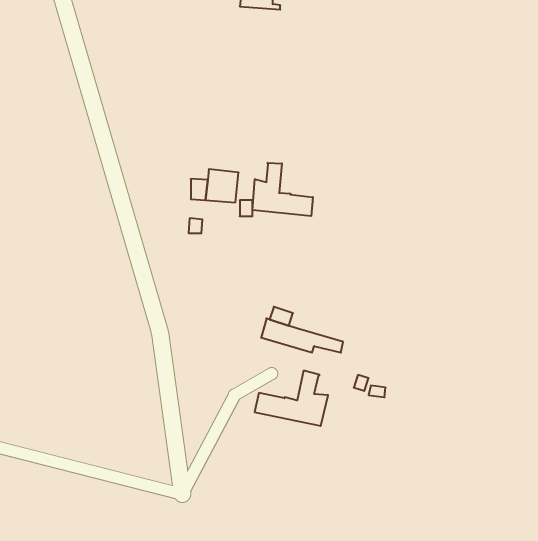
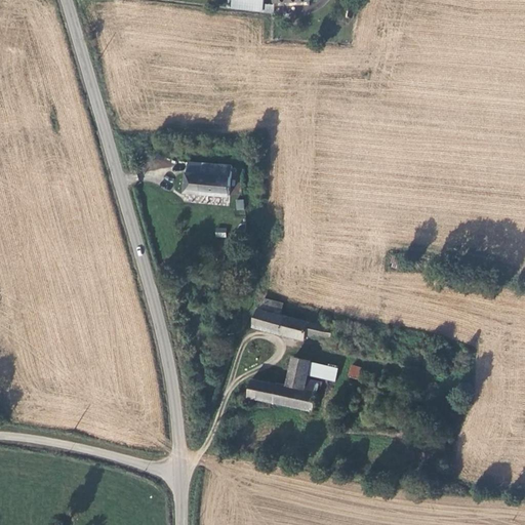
building: [252,163,313,216] -> none
building: none -> [302,362,334,383]

